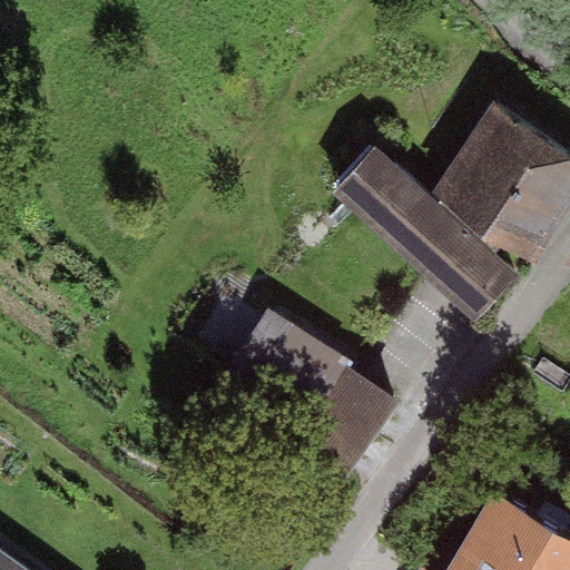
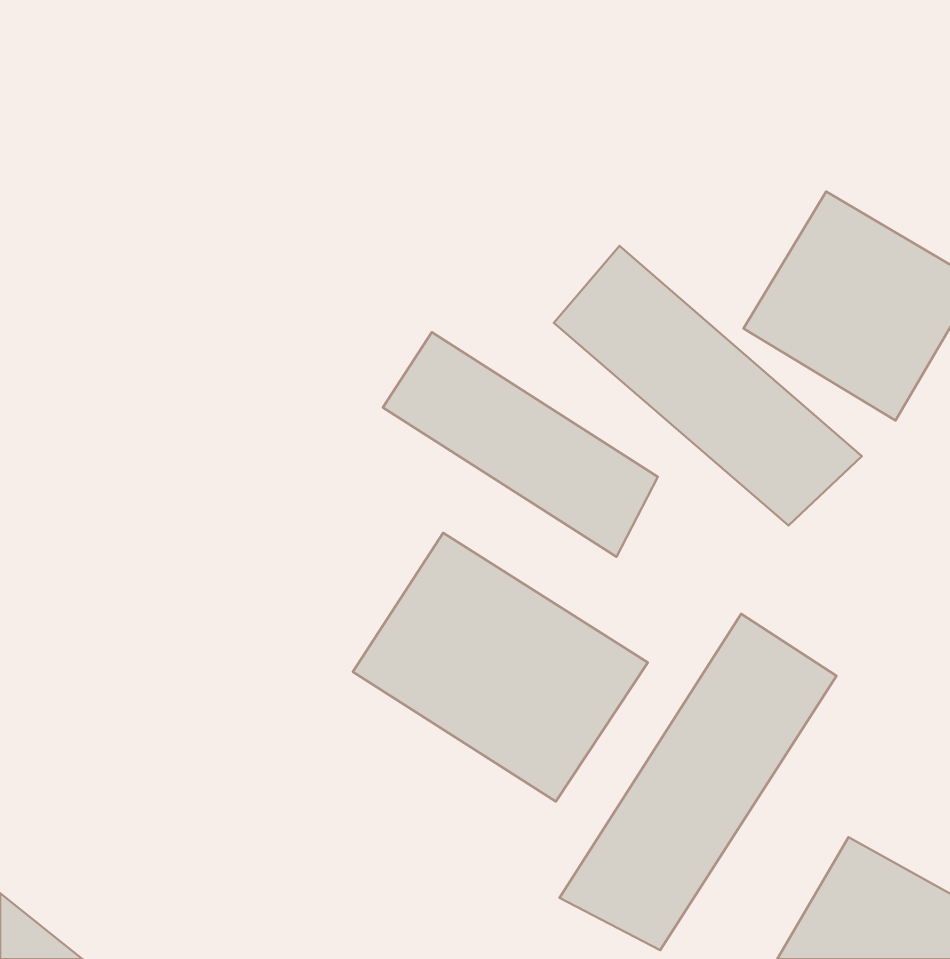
building: none -> [383,332,658,557]
building: none -> [560,614,836,950]

